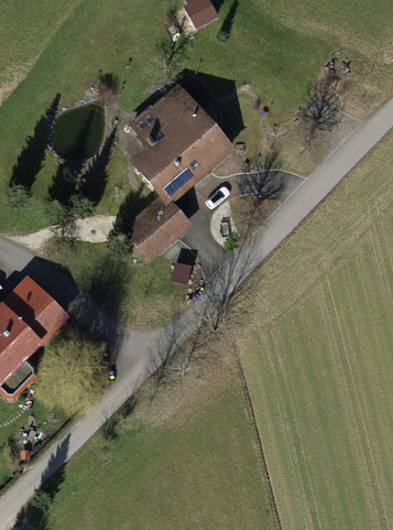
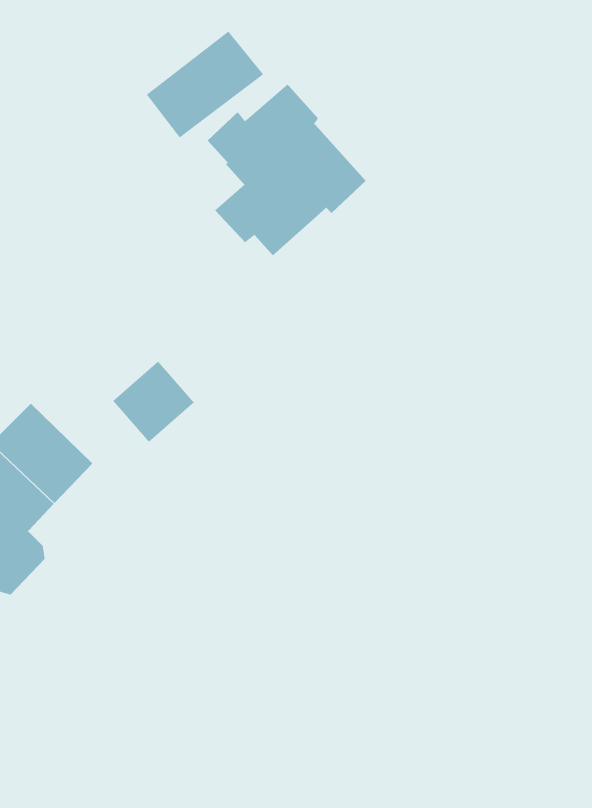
building: none -> [146,31,264,139]
building: [128,205,177,255] -> [112,360,195,443]

